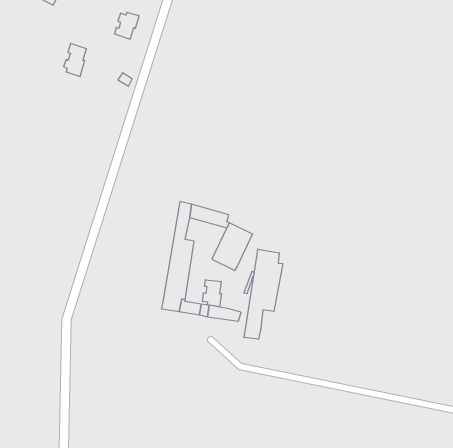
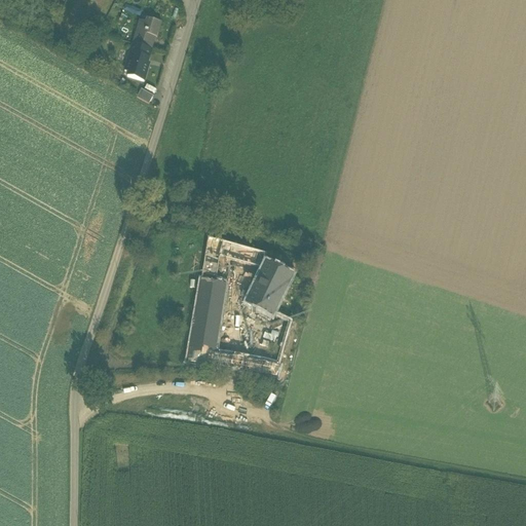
building: [63,44,87,76] -> [124,39,151,77]
building: [244,249,283,339] -> none
building: [202,280,221,307] -> none

